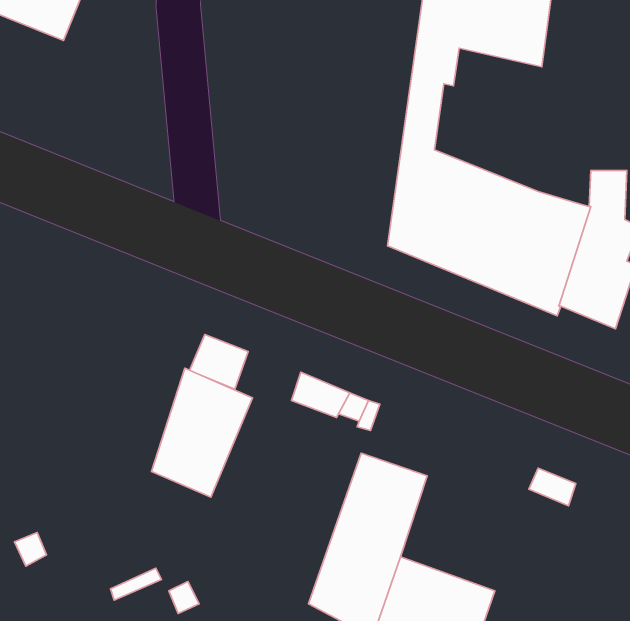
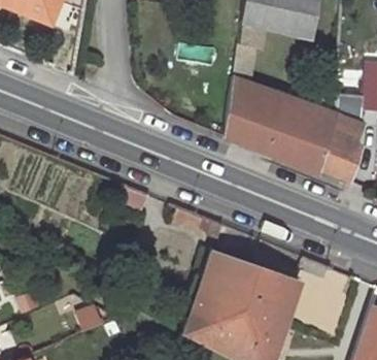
building: [152,368,252,497] -> none
building: none -> [234,262,300,325]

